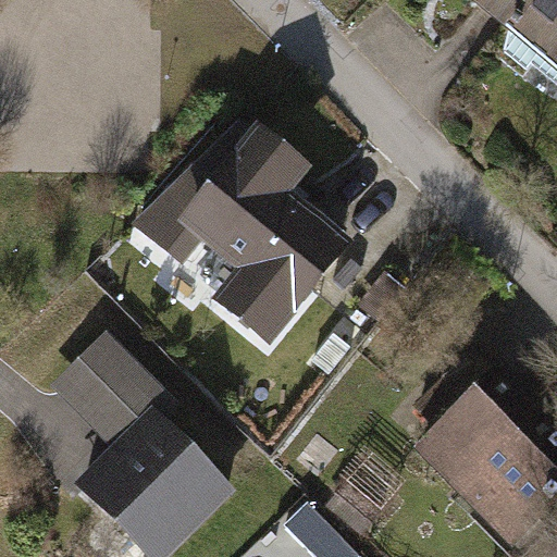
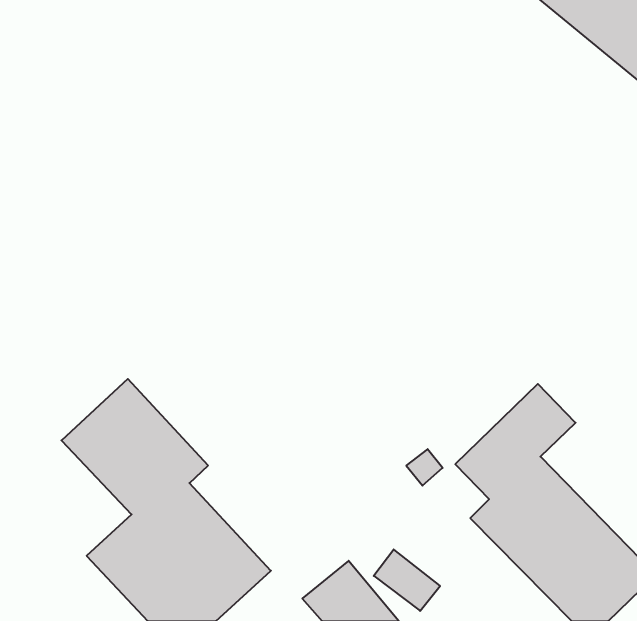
building: [154,133,354,348] -> none

